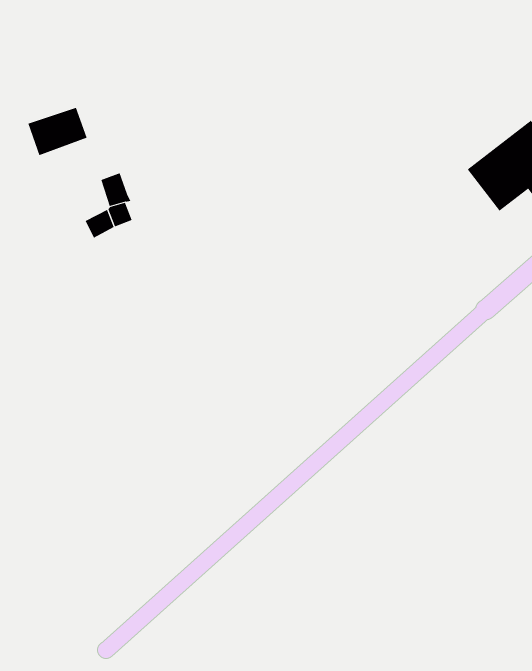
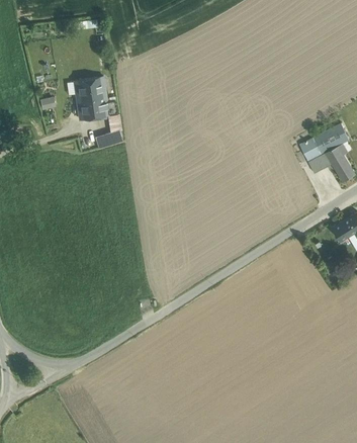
building: none -> [77,95,107,119]

